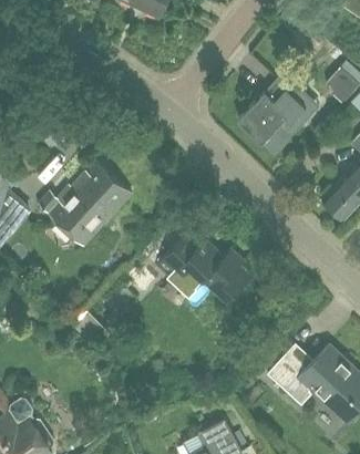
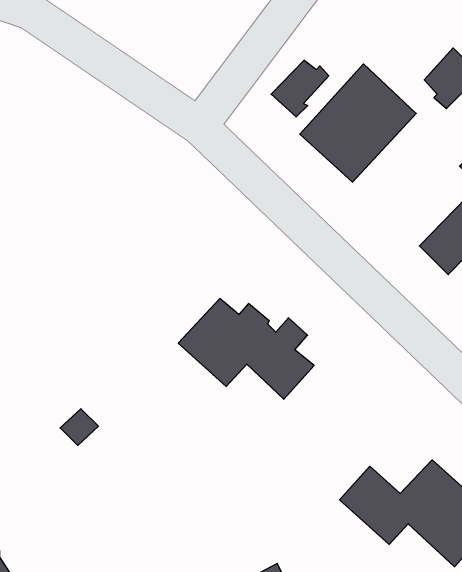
building: none -> [271,60,329,117]
building: [38,162,131,246] -> none

